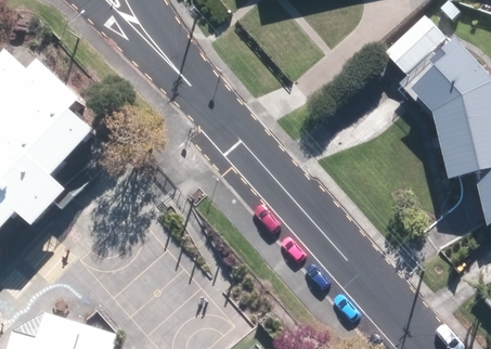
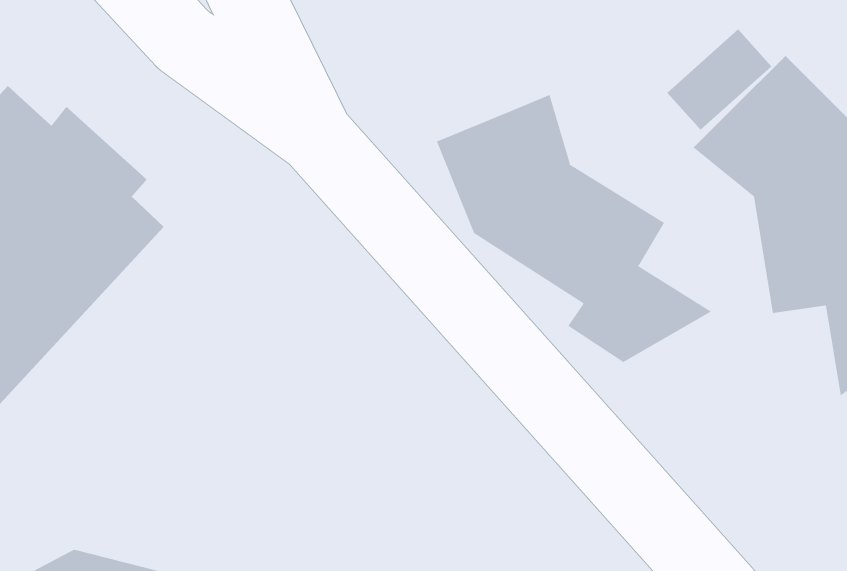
building: none -> [436,94,712,363]

